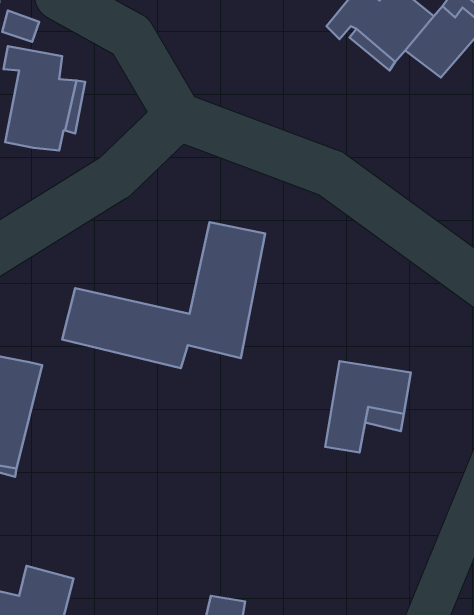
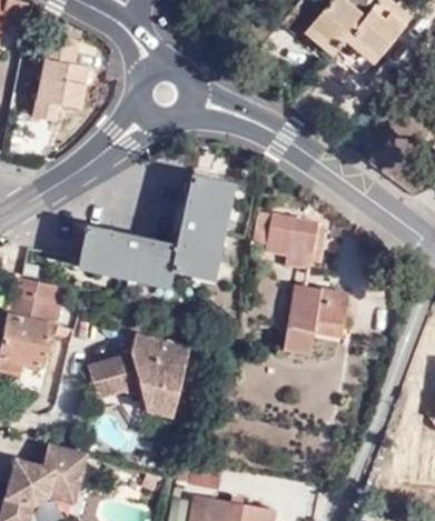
building: none -> [249,211,317,269]
building: none -> [87,332,189,417]

